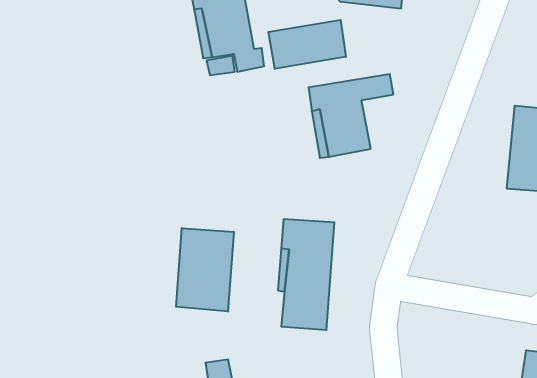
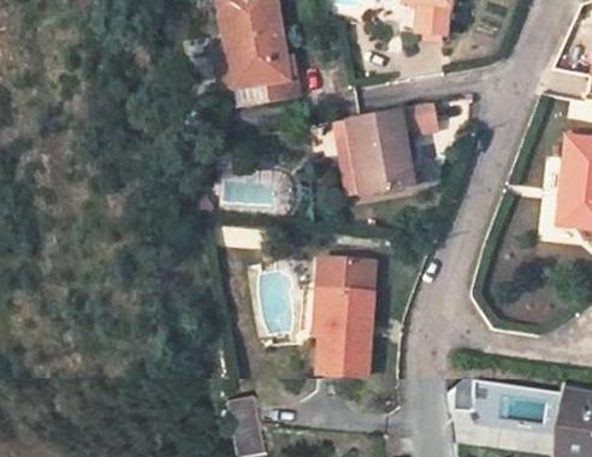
building: [268,20,346,69] -> none
building: [176,228,234,312] -> none

